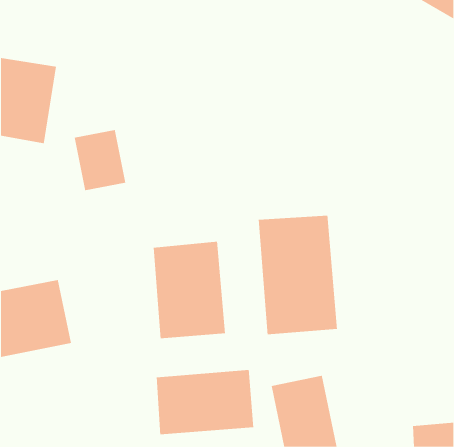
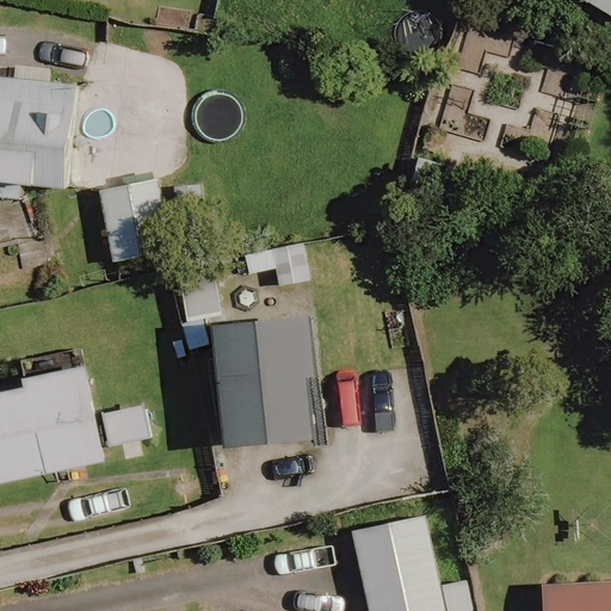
building: [258,215,338,335] -> none
building: [156,369,254,435] -> none

